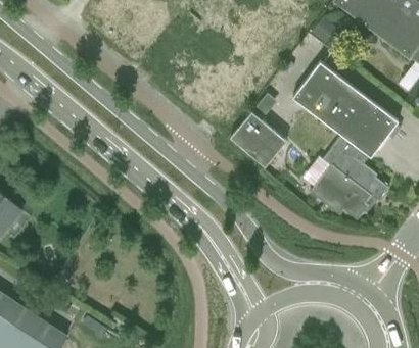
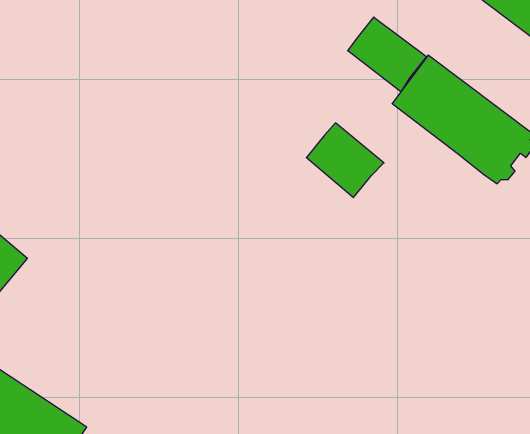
building: none -> [348,17,426,92]
building: [309,134,387,218] -> none

